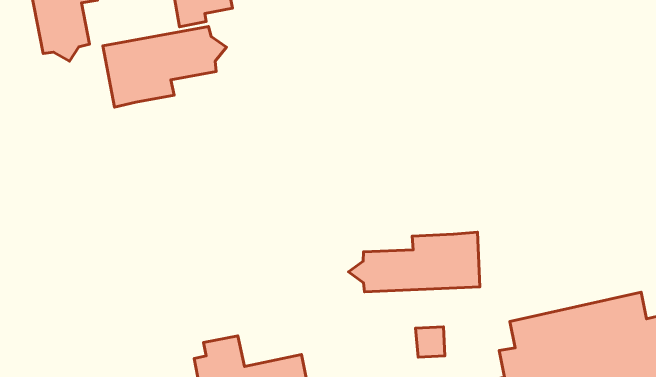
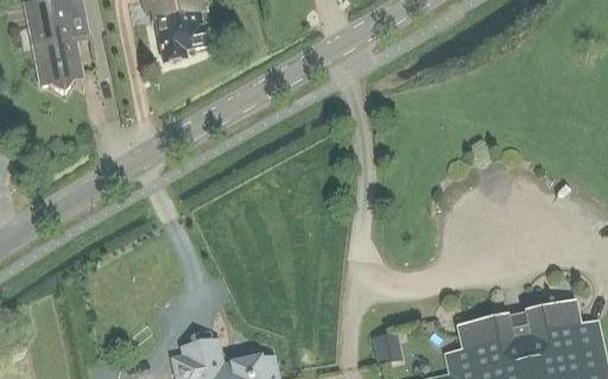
building: [103,27,227,107] -> none
building: [349,232,480,292] -> none

